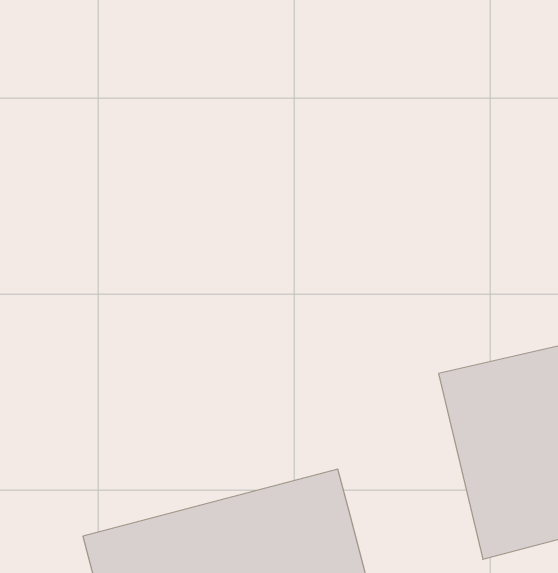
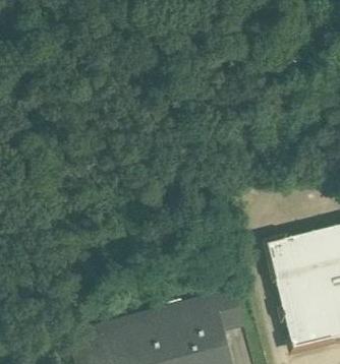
building: none -> [212,289,239,320]

